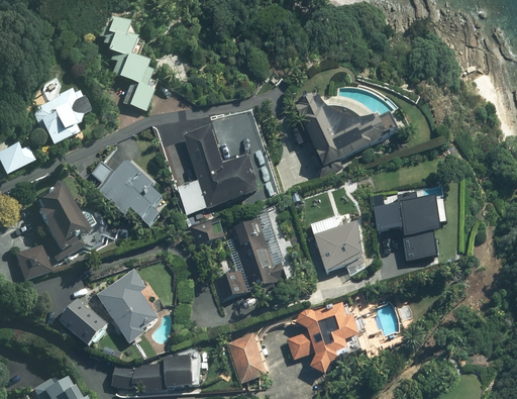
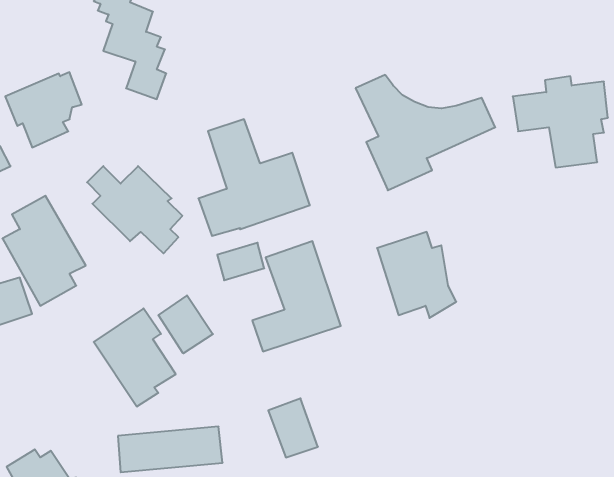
building: [374,189,445,258] -> [513,76,608,167]
building: none -> [158,295,213,353]
building: [60,298,108,345] -> none
building: [289,301,369,374] -> none

